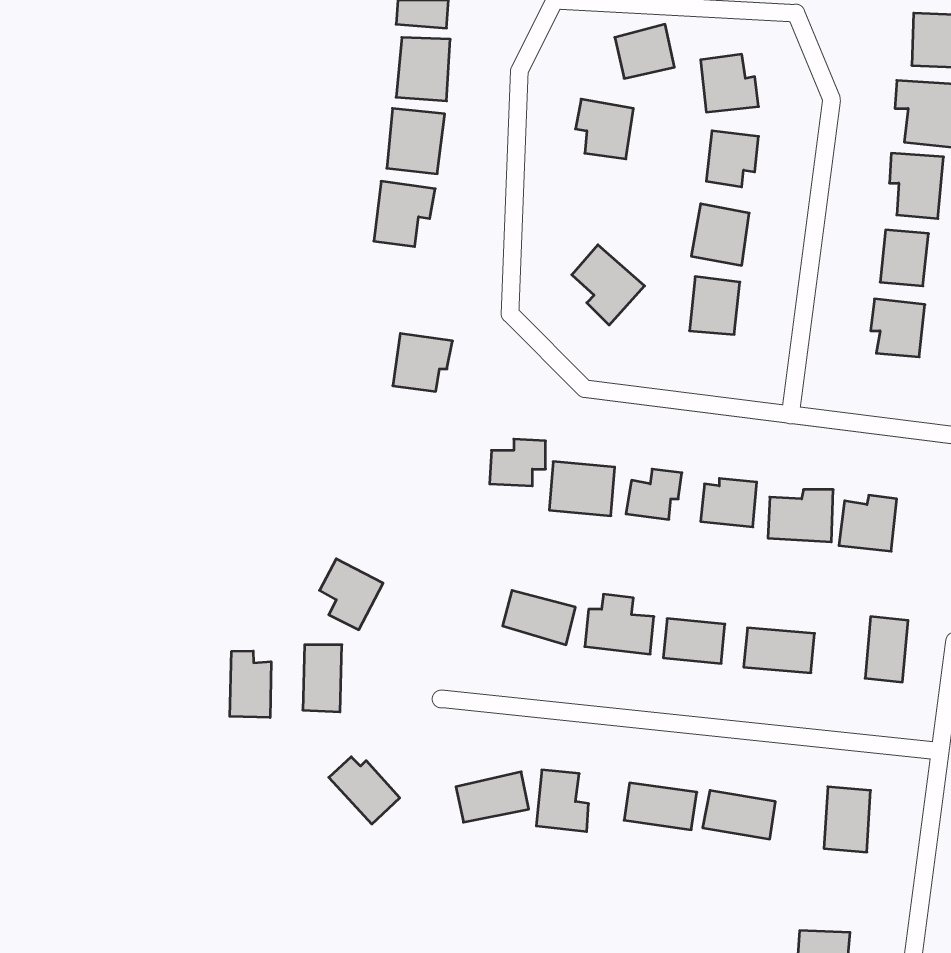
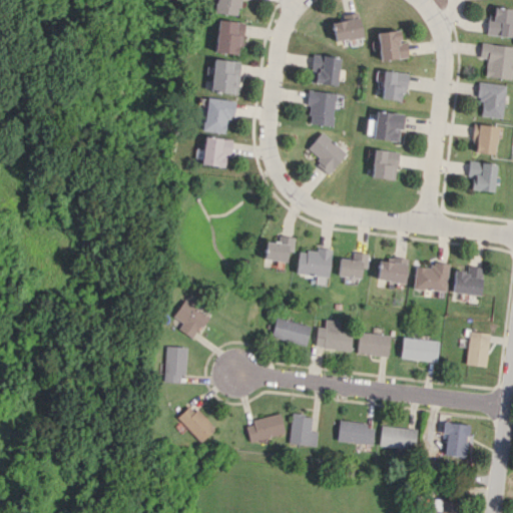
building: none -> [306,90,337,127]
building: [393,333,453,391] -> [200,136,232,167]
building: [230,651,271,718] -> none

